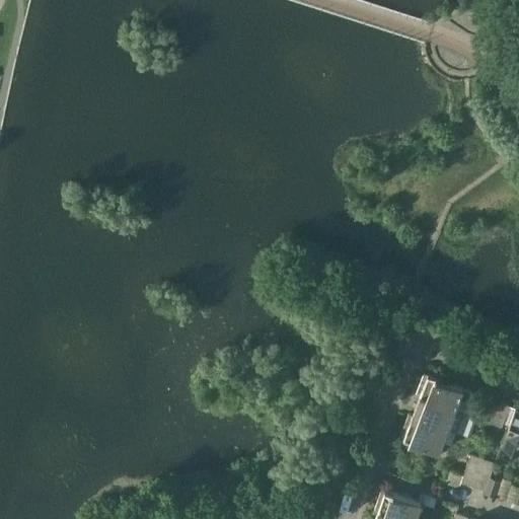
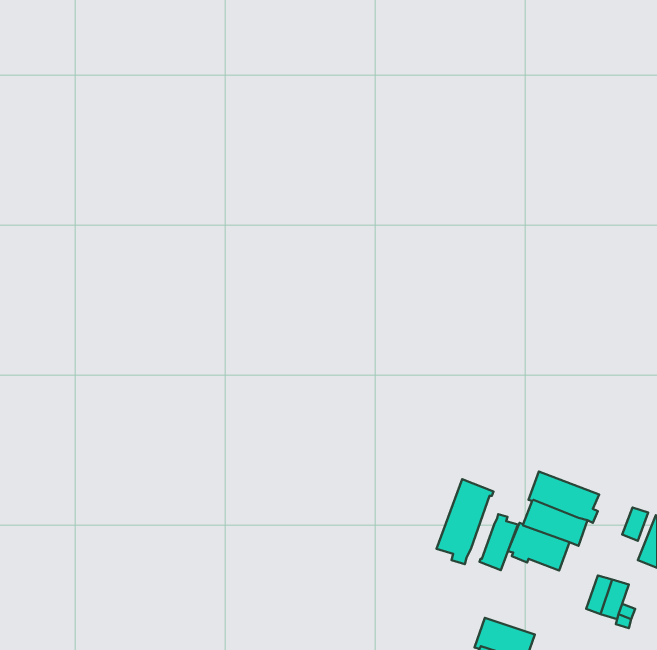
building: none -> [436,479,493,564]
building: none -> [479,514,518,570]

